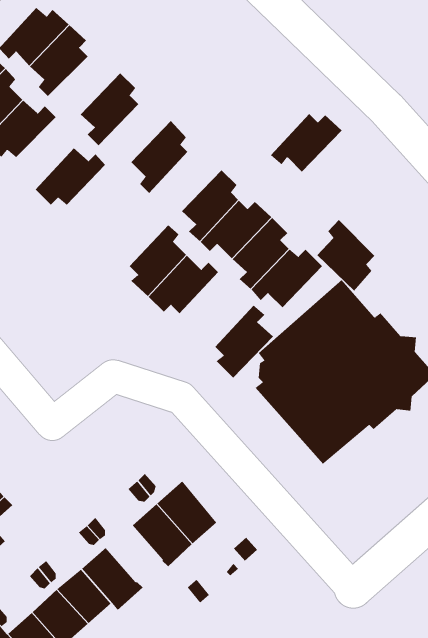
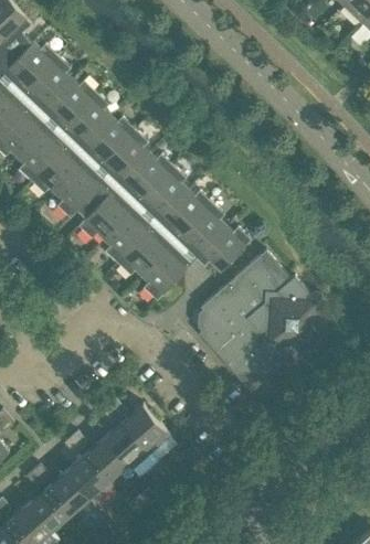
building: none -> [41,81,96,125]
building: none -> [80,117,135,161]
building: [270,113,343,172] -> [118,153,173,199]
building: none -> [17,127,61,182]
building: none -> [55,163,101,220]
building: none -> [77,194,133,241]
building: [317,219,375,291] -> none
building: [214,305,274,379] -> [141,245,187,301]
building: none -> [85,438,128,481]

